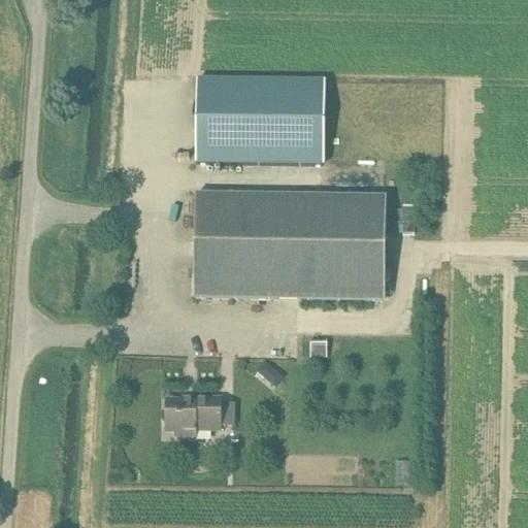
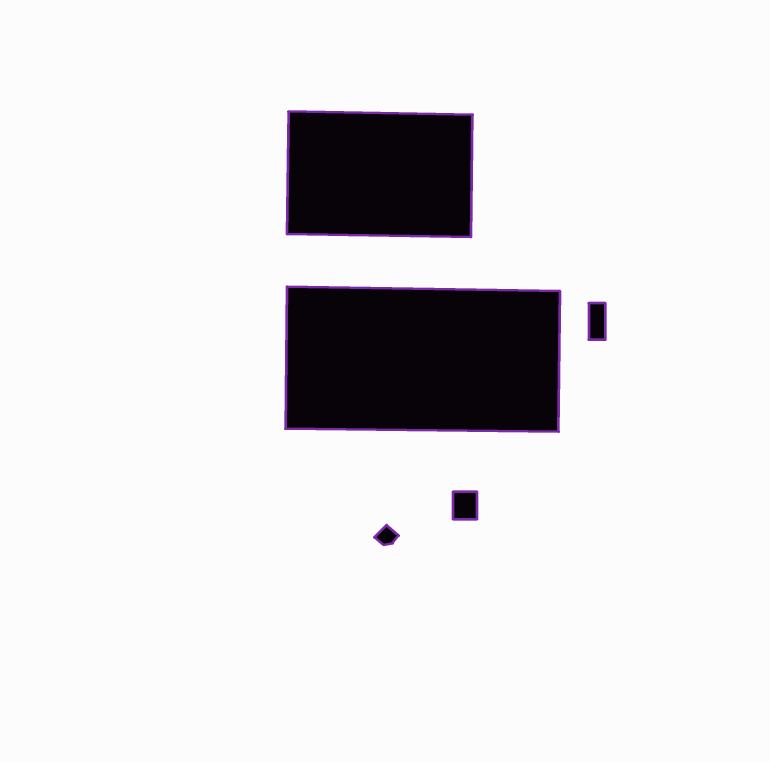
building: [168,396,222,432] -> none

